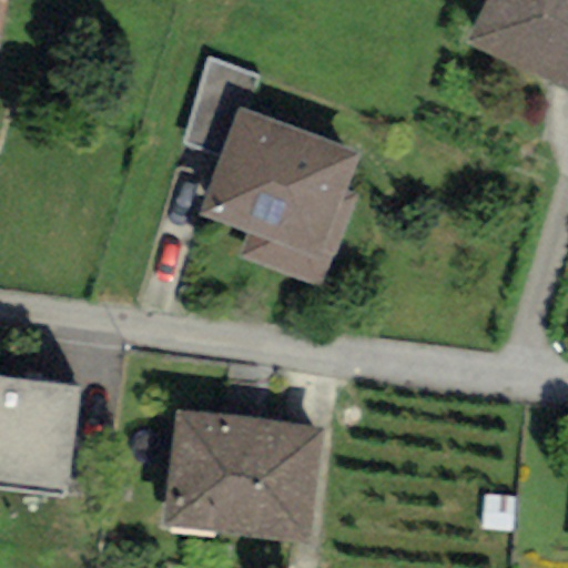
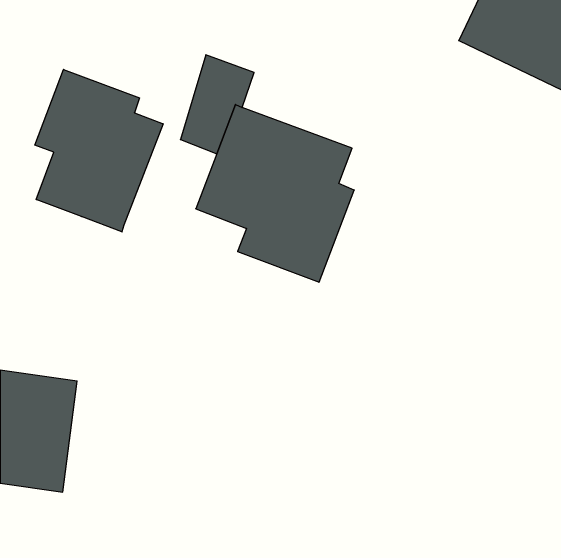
building: none -> [35,69,163,232]
building: [162,408,322,541] -> none

